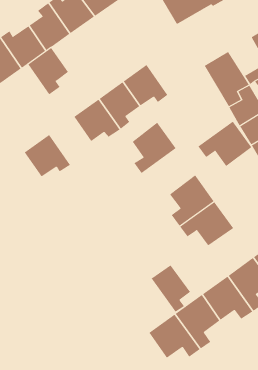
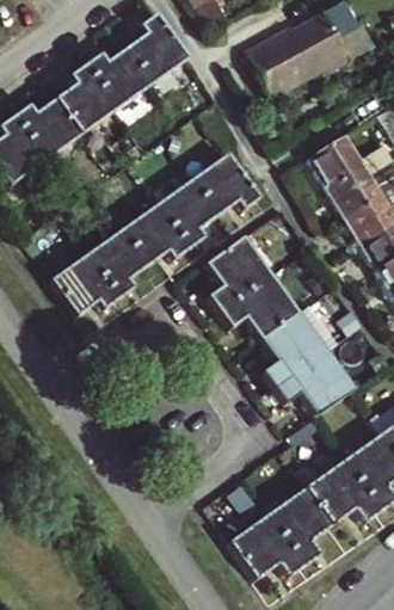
building: [28,47,69,95] -> [87,228,147,297]
building: [198,121,252,167] -> [220,273,298,340]
building: [151,264,191,312] -> none

